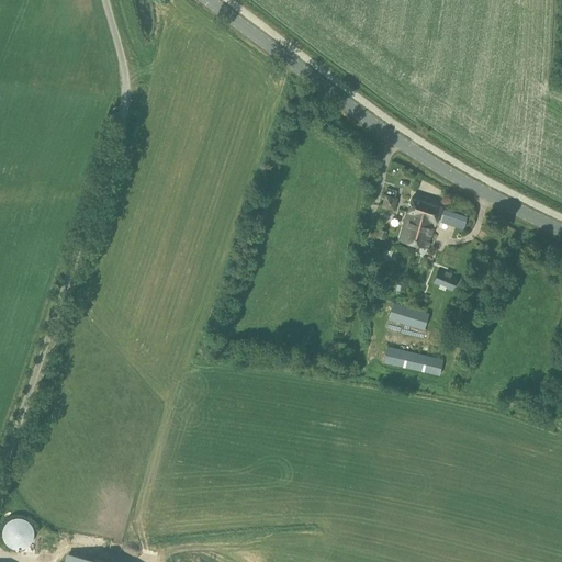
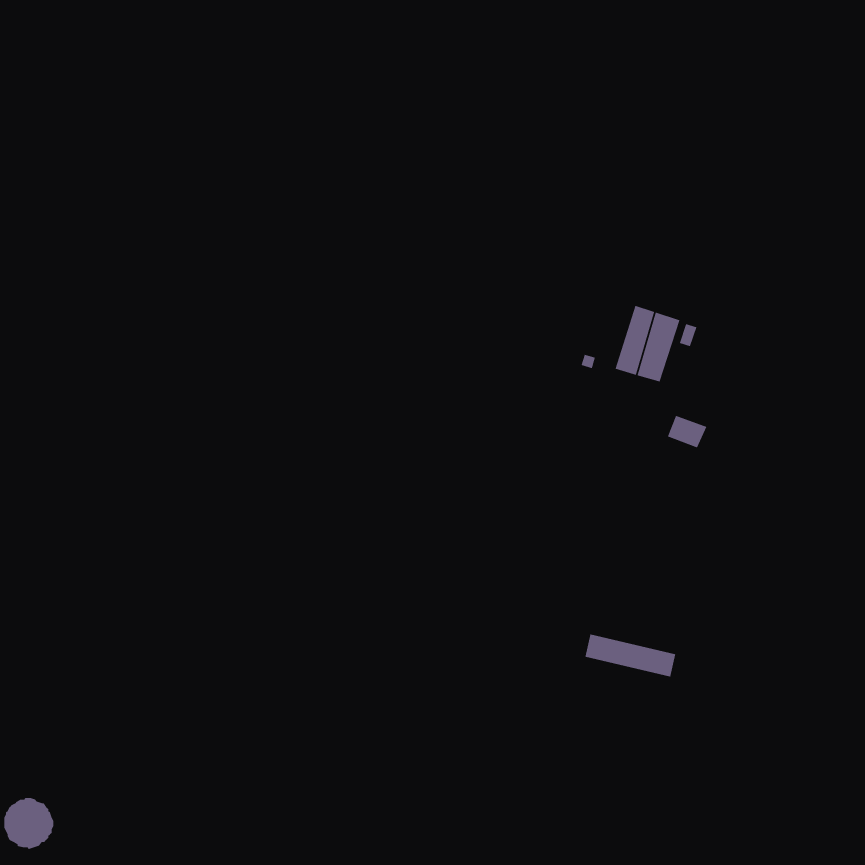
building: [389,302,429,330] -> none
building: [384,347,443,375] -> [585,634,676,678]

